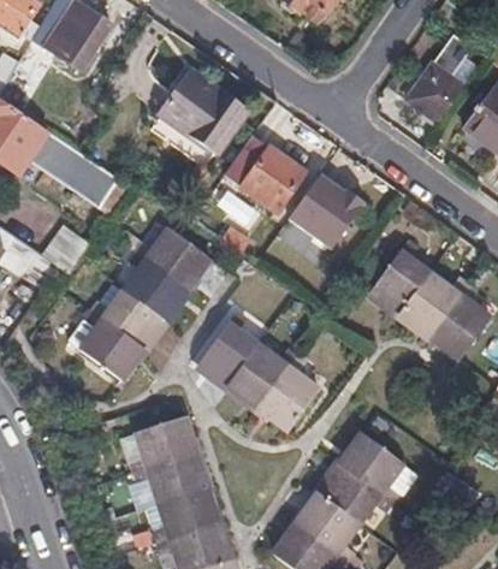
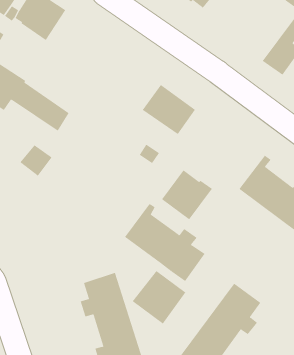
building: [162,70,250,155] -> none
building: [287,174,364,250] -> [161,169,213,220]
building: [82,229,211,379] -> none
building: none -> [132,270,186,324]

